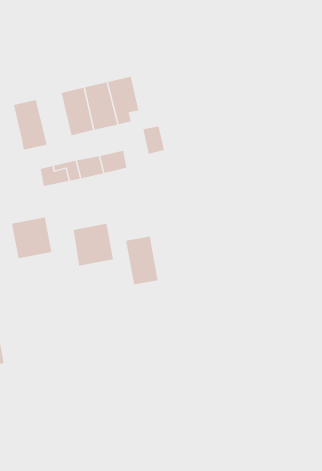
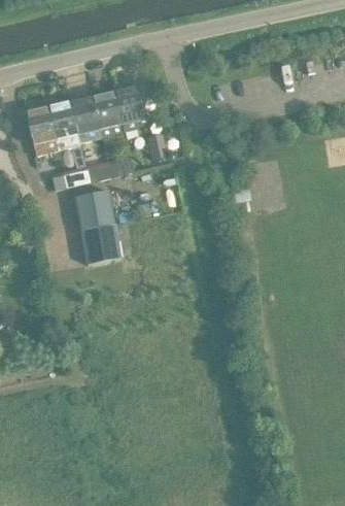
building: none -> [47,101,79,149]
building: [11,217,52,259] -> [75,190,113,229]
building: [126,236,158,285] -> none

